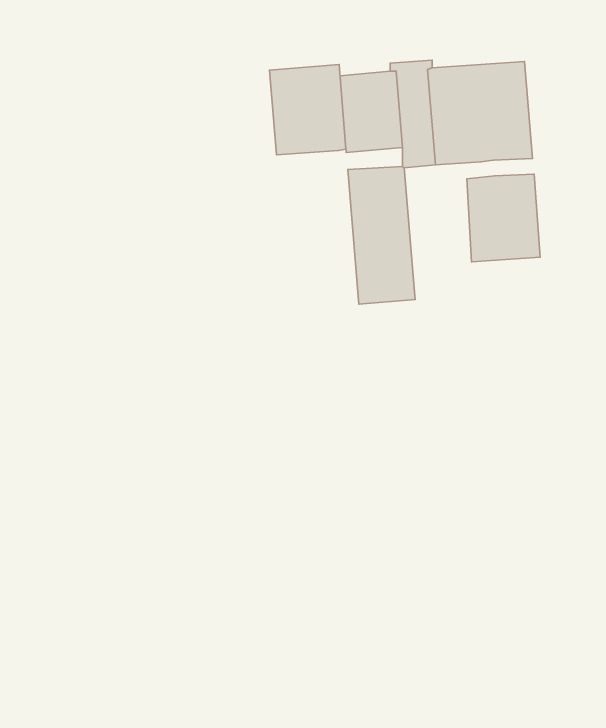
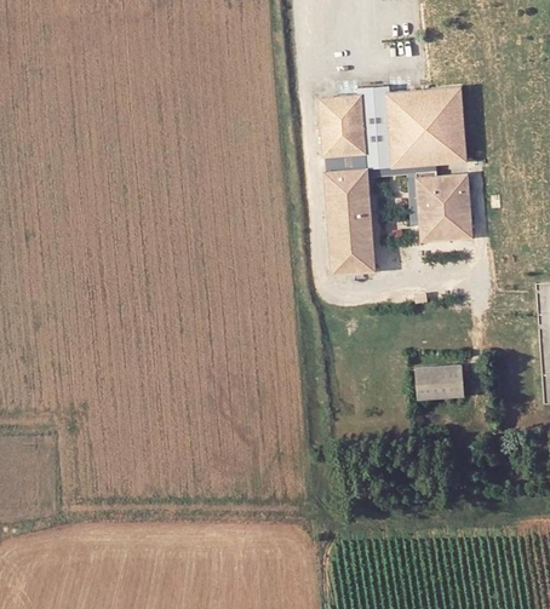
building: [269,65,346,155] -> none
building: none -> [412,364,458,400]

